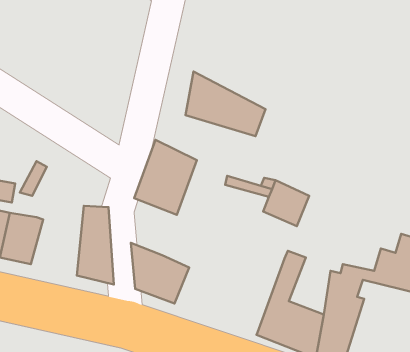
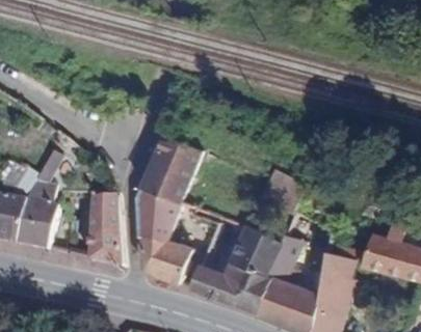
building: [186,72,265,136] -> none
building: none -> [135,185,181,238]
building: none -> [190,224,281,309]

